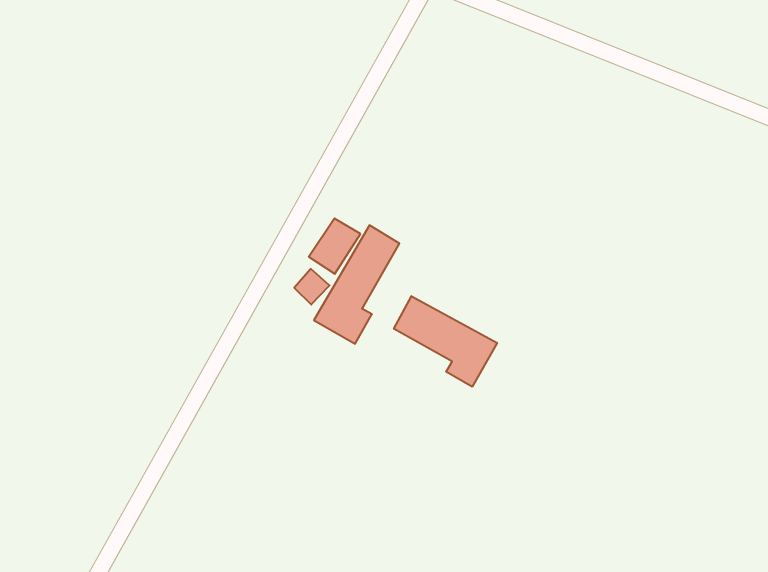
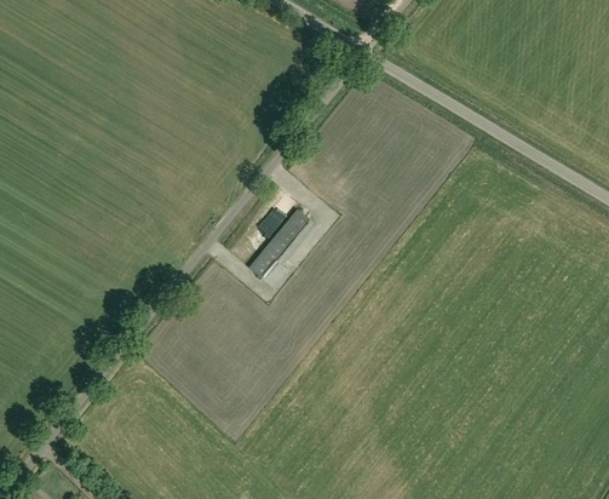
building: [394,296,497,387] -> none

